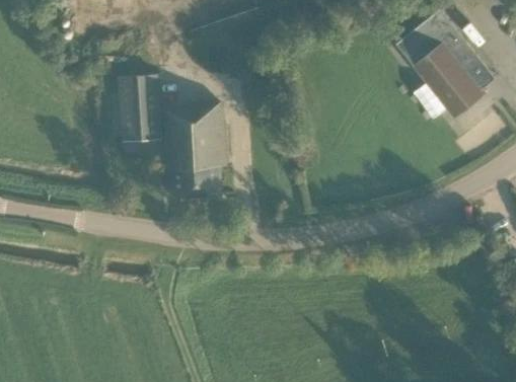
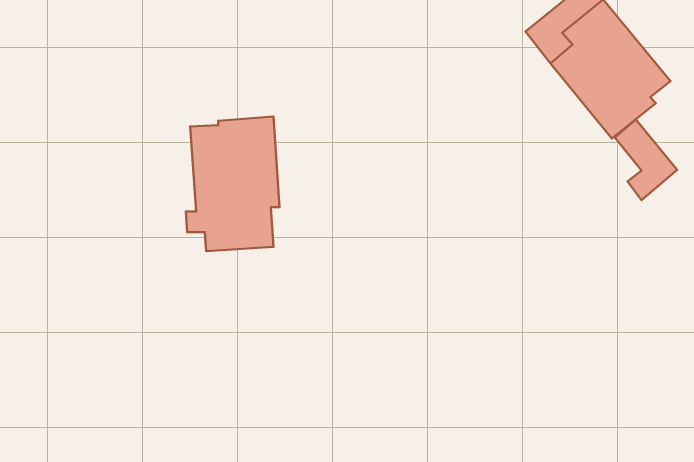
building: [121,75,162,142] -> none
building: none -> [615,119,677,200]

